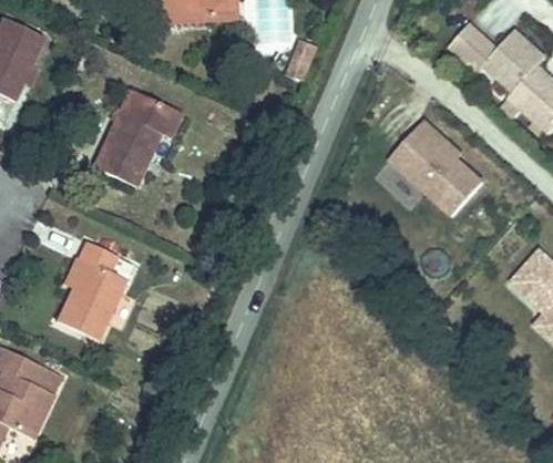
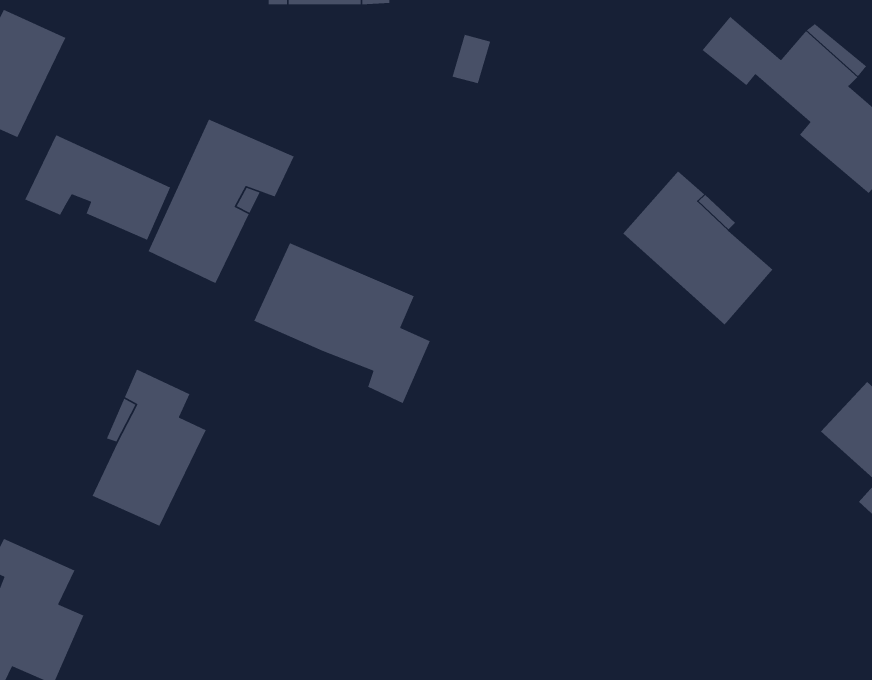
building: none -> [24,134,171,241]
building: none -> [253,242,431,404]

